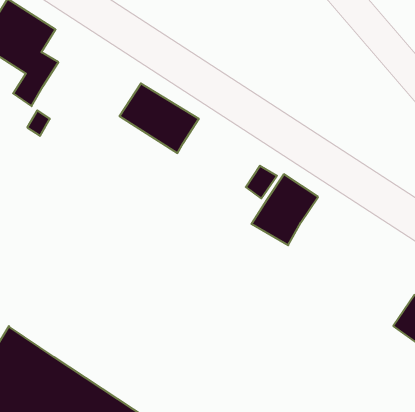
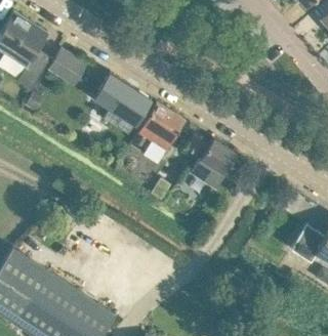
building: none -> [49,49,86,84]
building: none -> [133,103,184,150]

